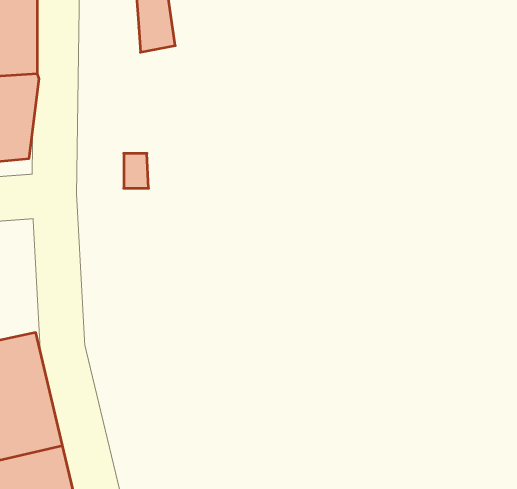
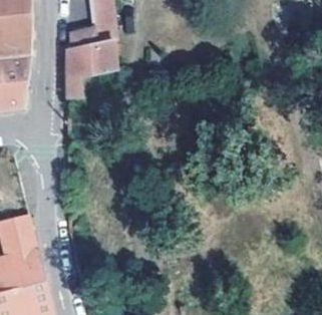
building: none -> [67,30,118,97]

